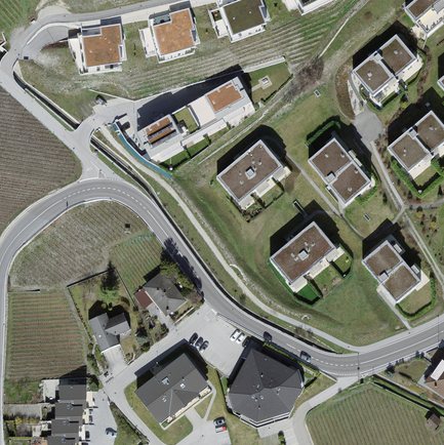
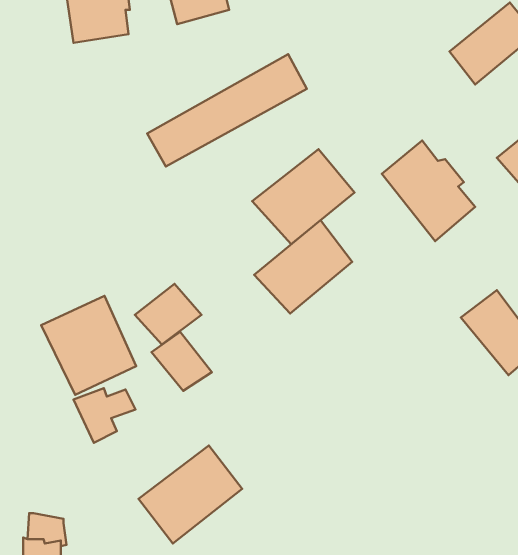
building: [267,220,336,287] -> [254,220,352,314]
building: none -> [135,284,202,345]
building: none -> [41,296,136,395]
building: [227,349,300,419] -> none
building: [58,383,86,408] -> none

